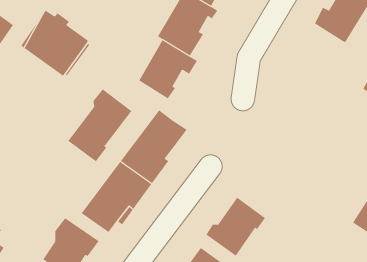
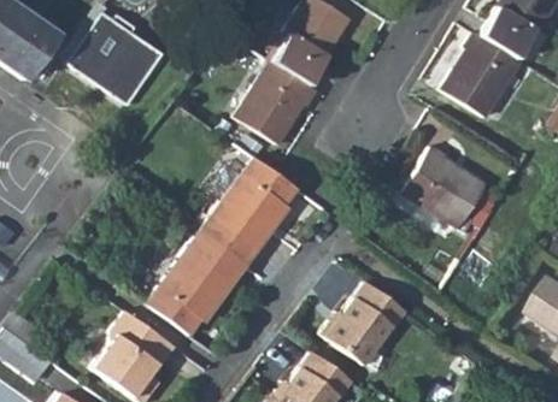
building: none -> [436,30,519,120]
building: [68,89,132,162] -> none
building: none -> [401,148,488,232]

